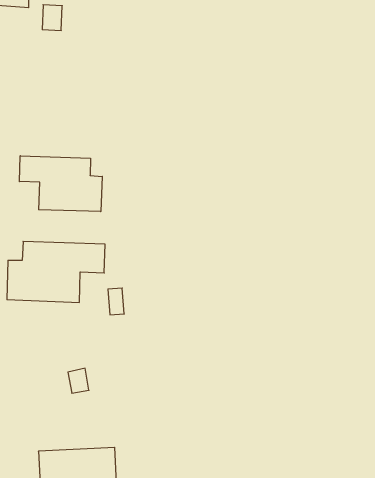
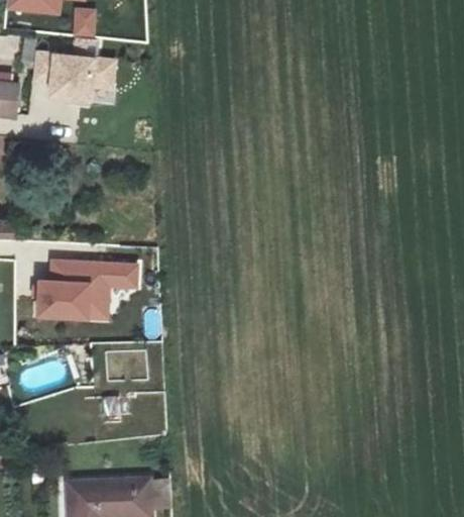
building: none -> [33,51,114,102]
building: [19,156,102,212] -> none

